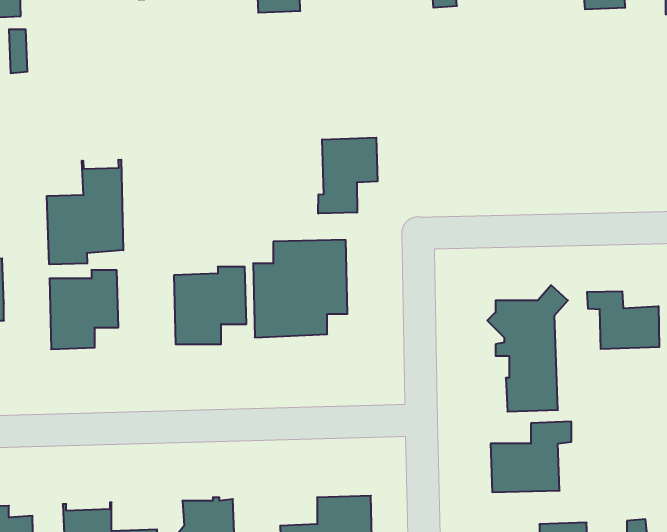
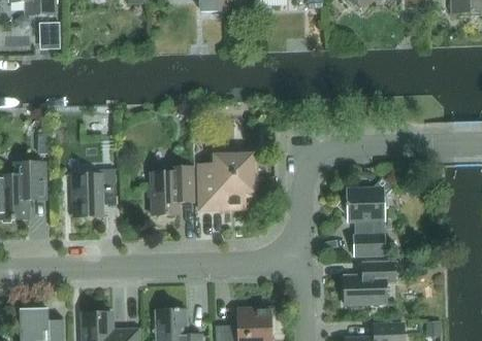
building: [318,138,377,214] -> none
building: [47,160,123,264] -> none
building: [587,291,659,349] -> none

